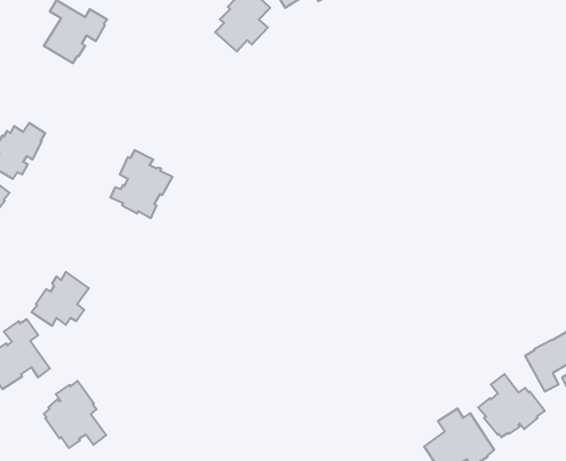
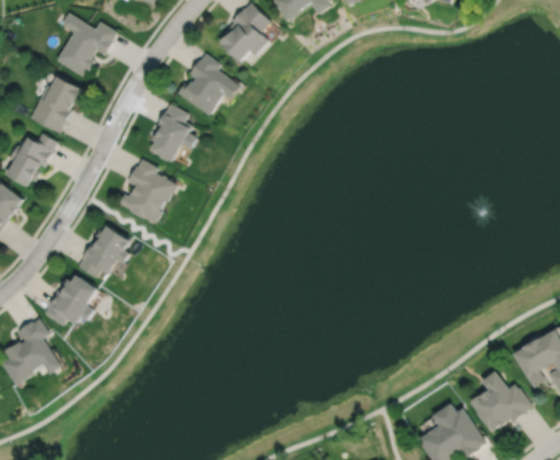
building: none -> [178,51,242,113]
building: none -> [30,73,83,131]
building: none -> [152,103,198,158]
building: none -> [79,224,131,276]
building: [44,381,106,448] -> none

